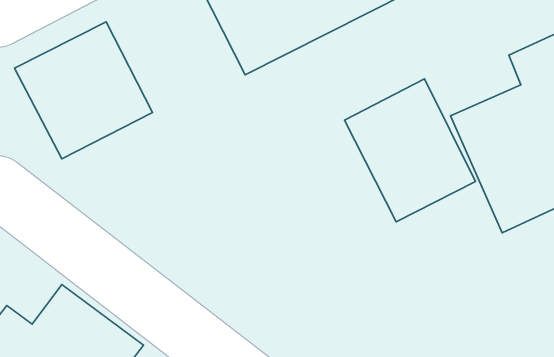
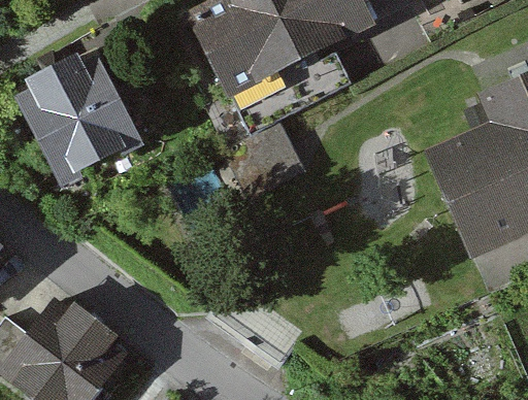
building: [344,79,476,222] -> none

